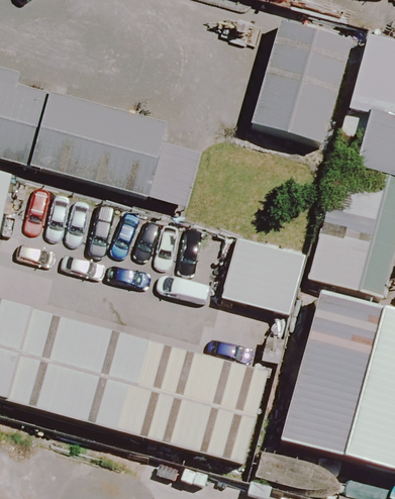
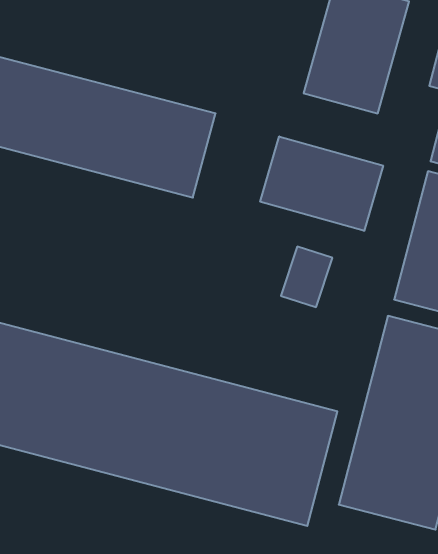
building: none -> [260,136,383,231]

